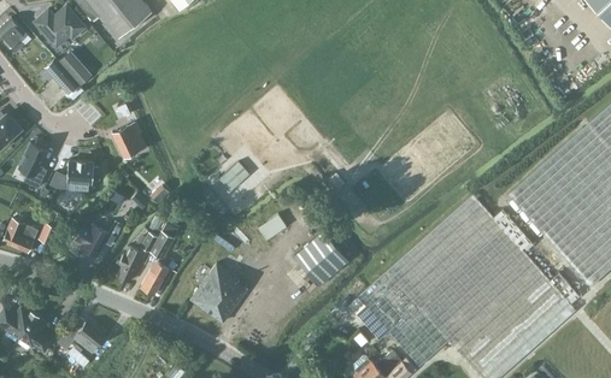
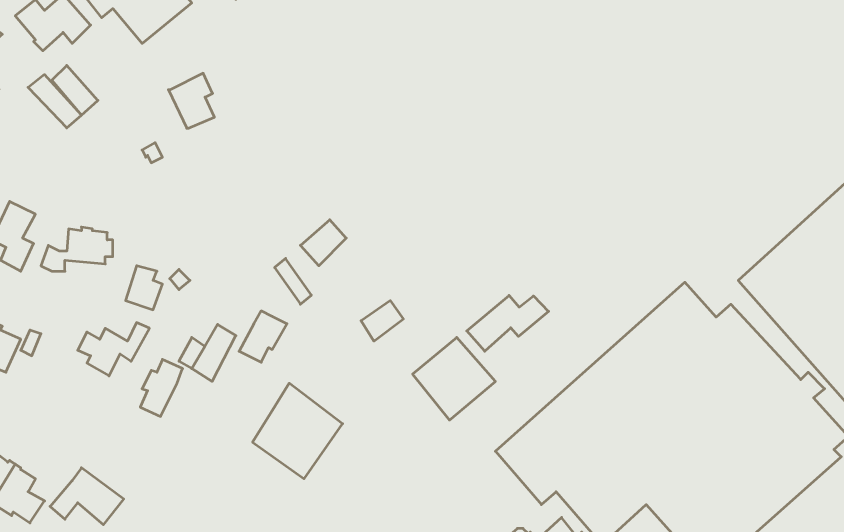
building: [112,122,142,158] -> [168,73,214,128]
building: none -> [467,295,549,351]
building: [141,260,172,294] -> [239,311,287,362]

